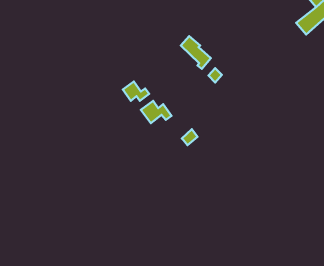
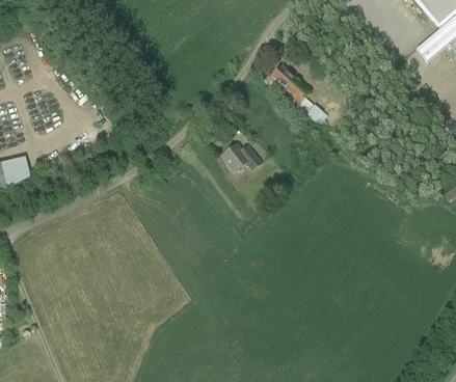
building: [123,82,149,101] -> none

